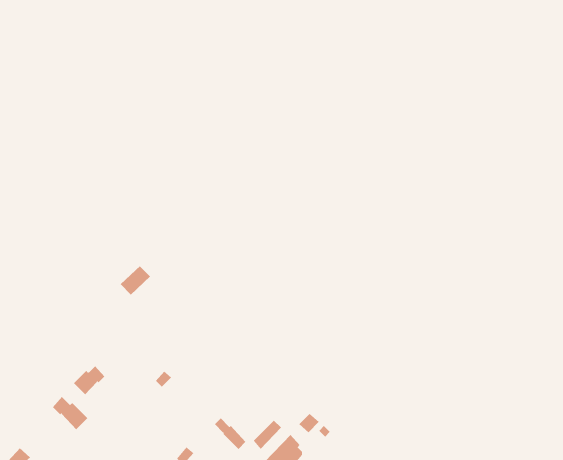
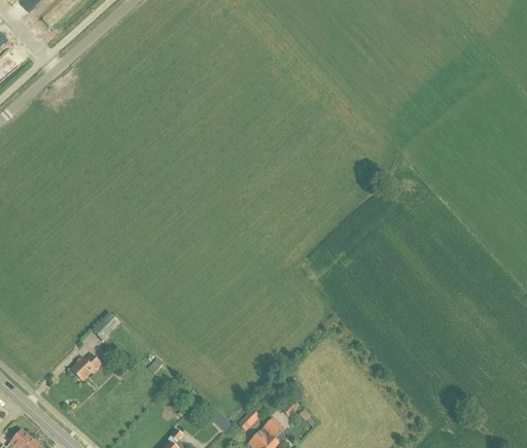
building: [120,265,151,295] -> [92,313,120,341]
building: [52,396,88,430] -> none

